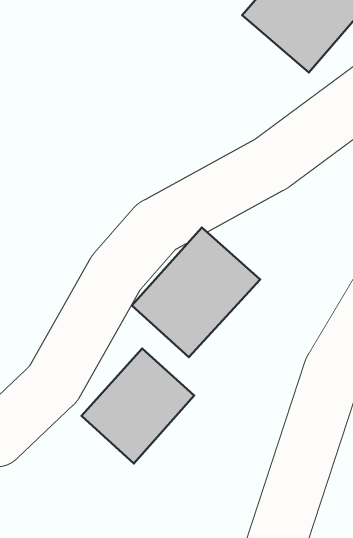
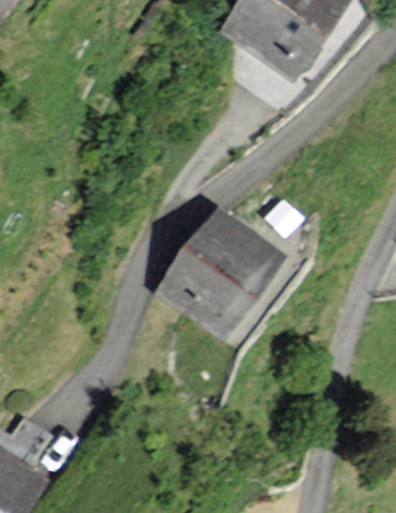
building: [82,349,194,464] -> none

